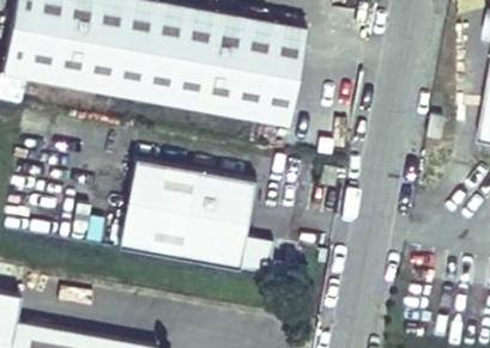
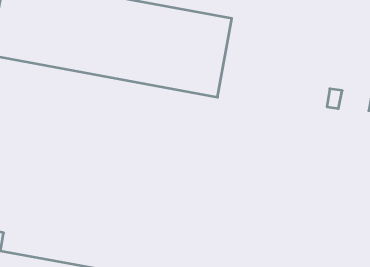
building: [115,158,277,275] -> none

